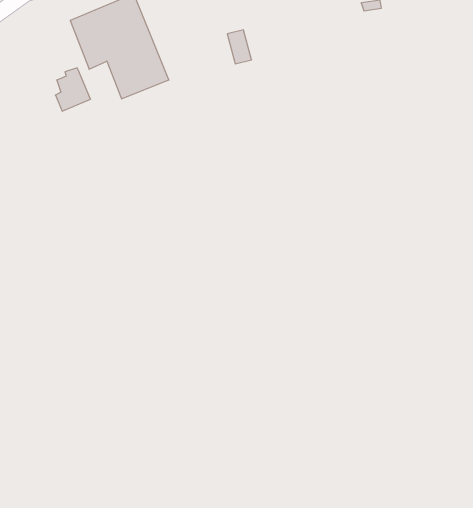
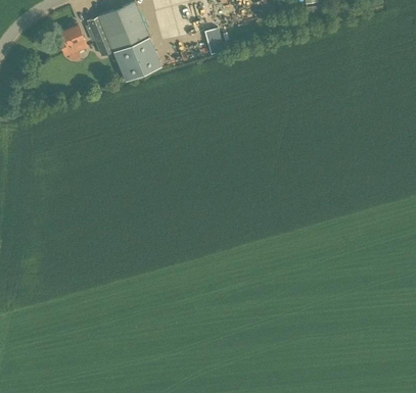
building: [55,68,91,111] -> [60,21,87,54]

